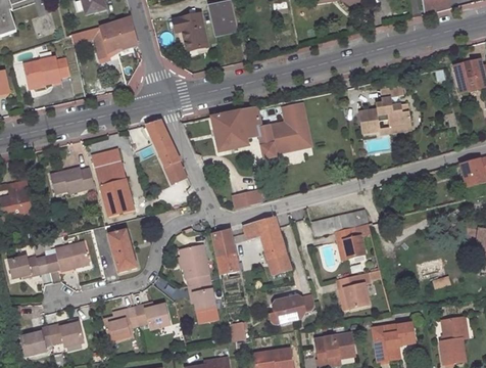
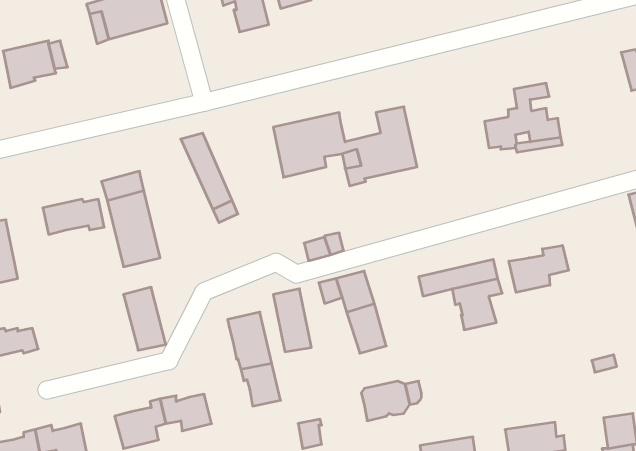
building: none -> [509,245,569,292]
building: [44,243,87,272] -> none
building: [338,272,371,310] -> none

